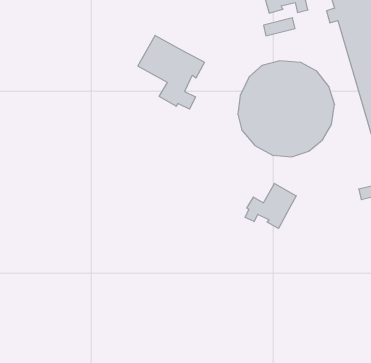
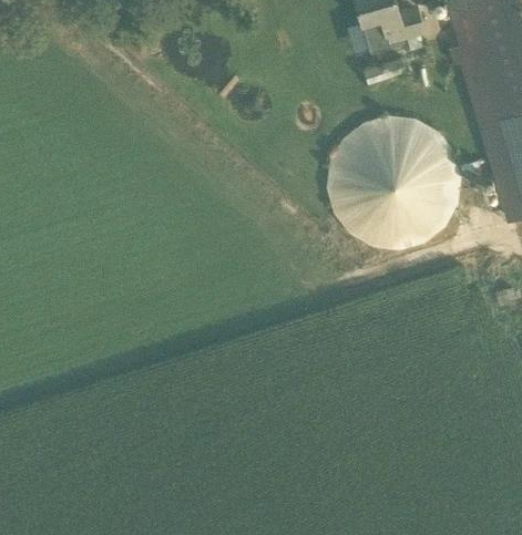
building: [138,35,204,109] -> none
building: [245,183,296,228] -> none

